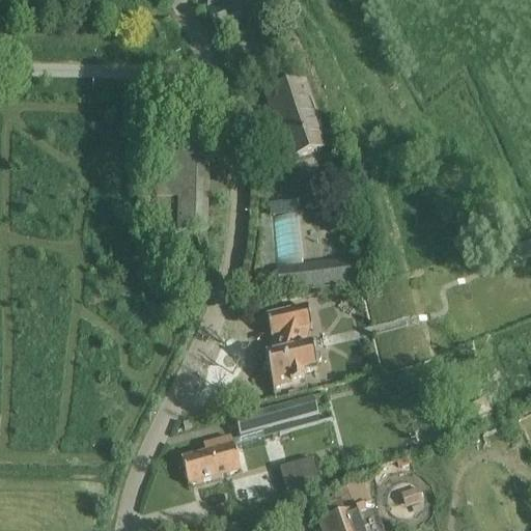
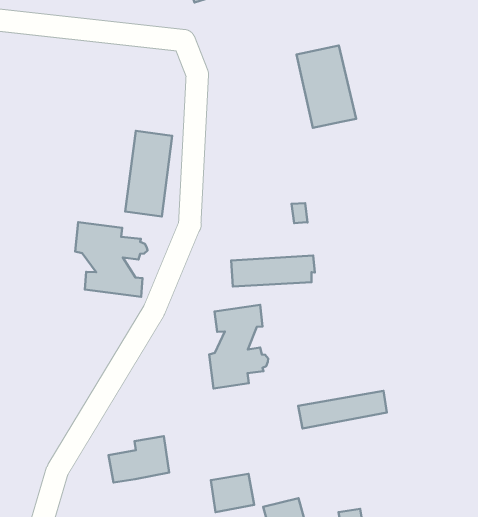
building: [266,76,327,155] -> [297,45,356,128]
building: none -> [75,222,148,297]
building: [235,392,318,435] -> [298,391,387,429]

